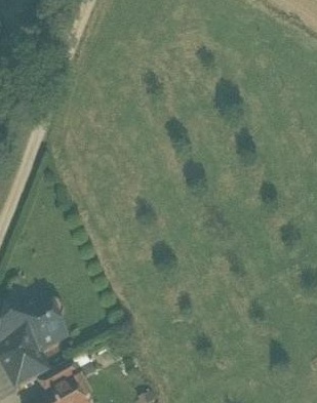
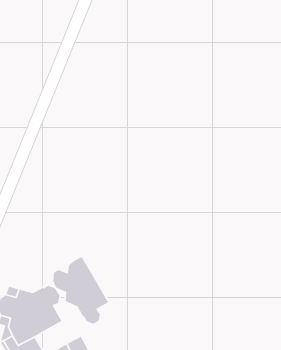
building: none -> [53,256,109,324]

